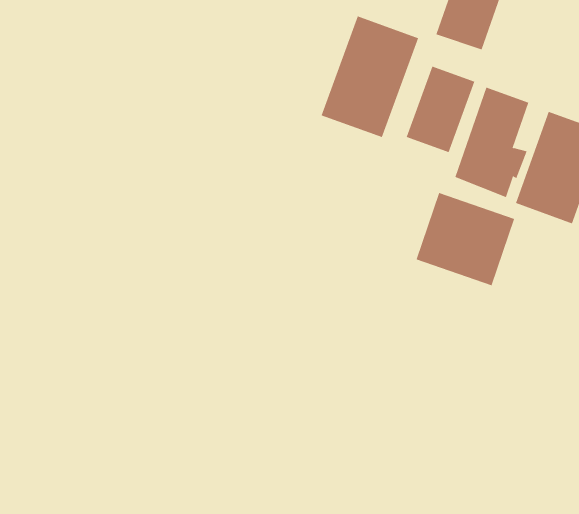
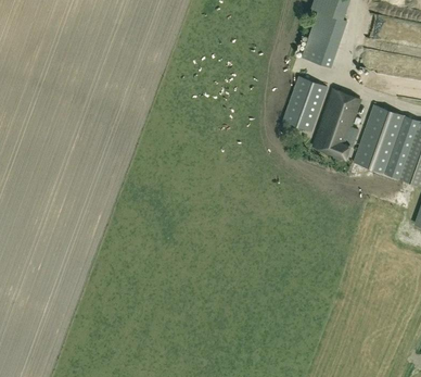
building: [321,16,419,138] -> none
building: [416,192,515,286] -> none

